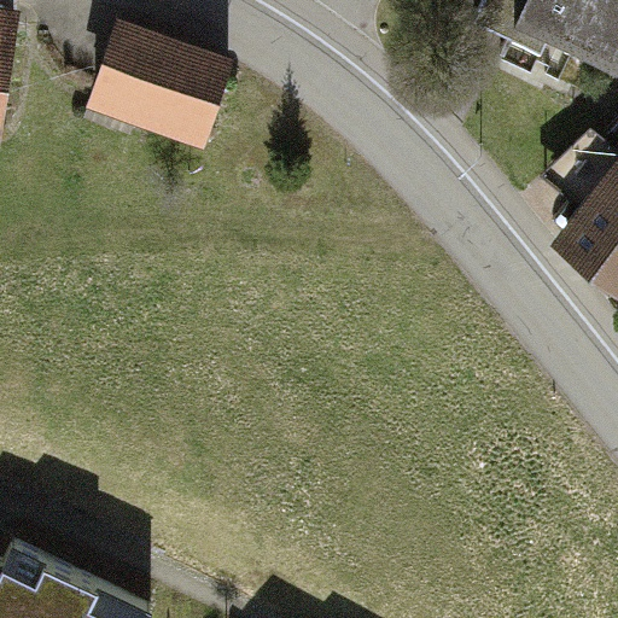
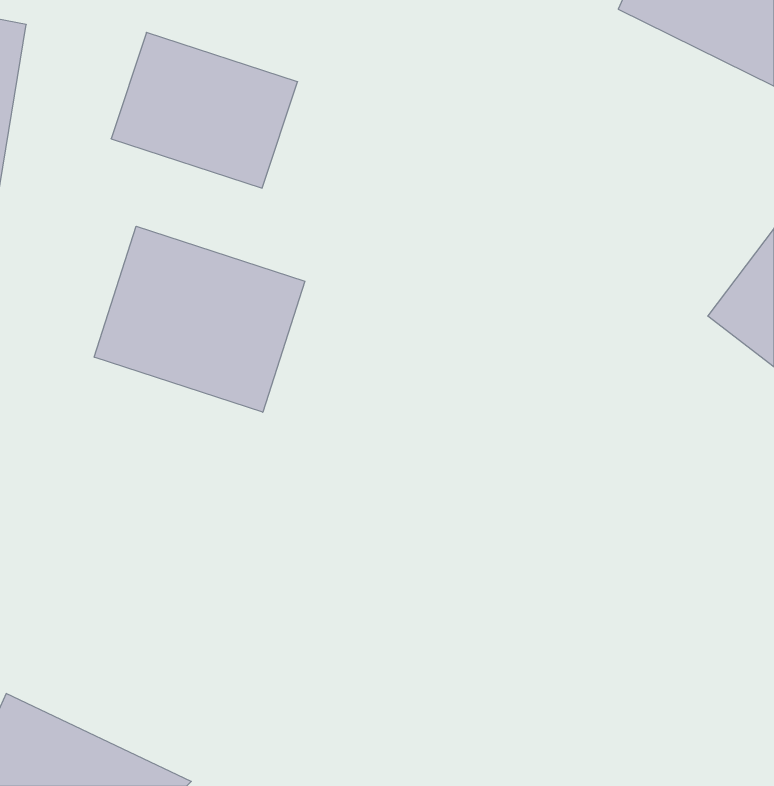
building: none -> [94,226,305,412]

